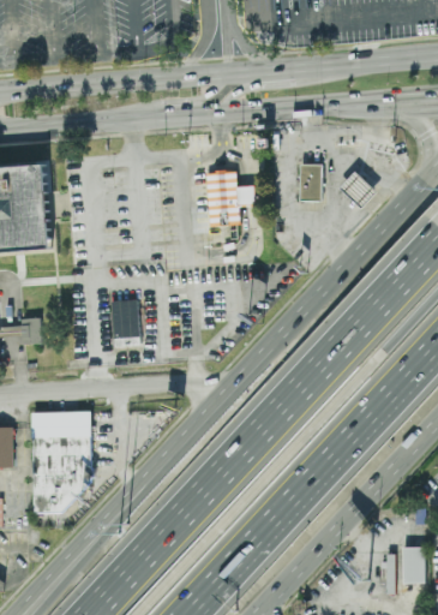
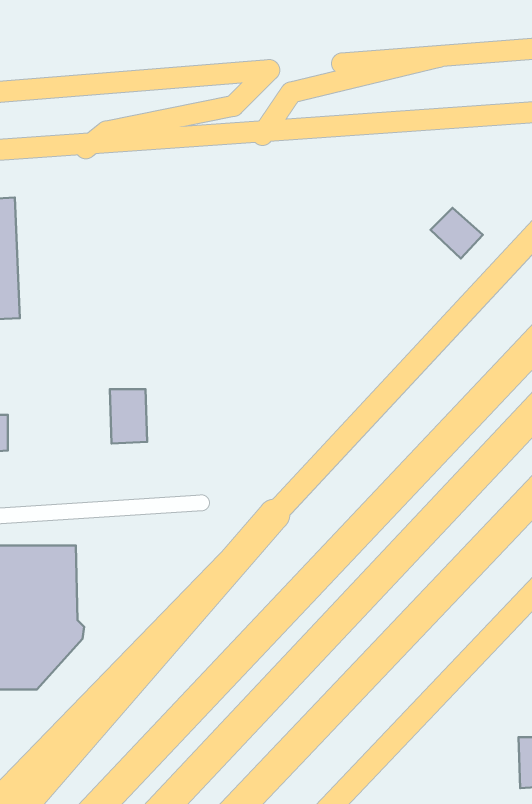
building: [299,165,322,201] -> none
building: [205,169,240,226] -> none

